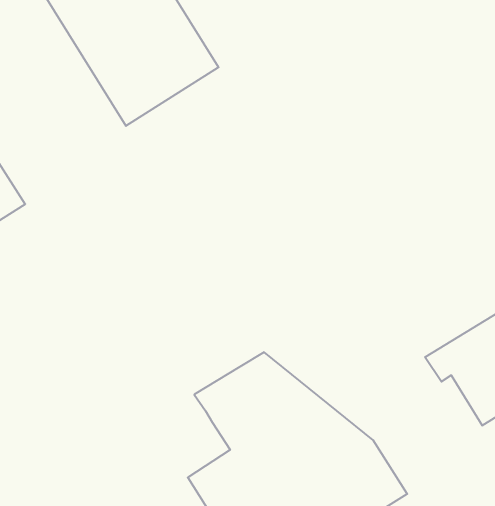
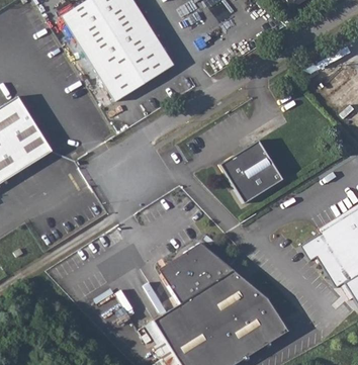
building: none -> [220,140,283,202]

